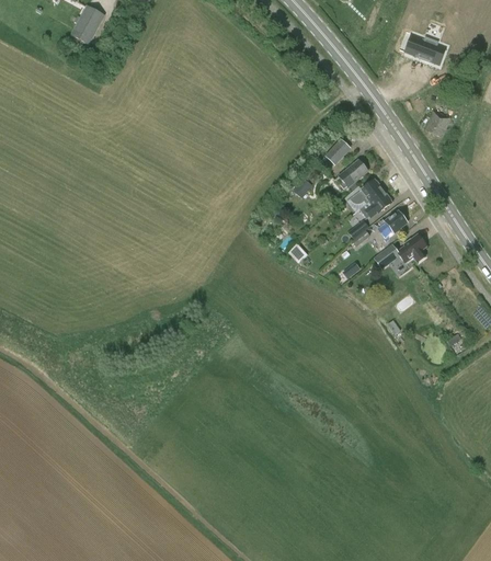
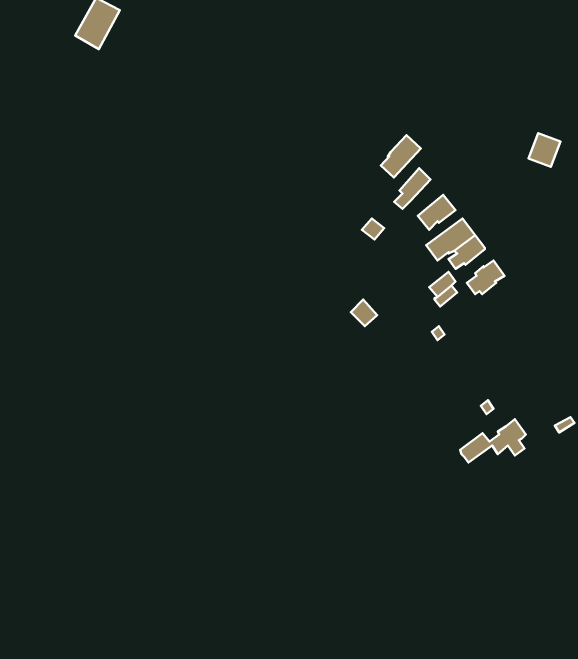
building: [406,33,446,65] -> none
building: none -> [381,135,421,178]
building: [374,234,425,268] -> [460,419,526,462]

